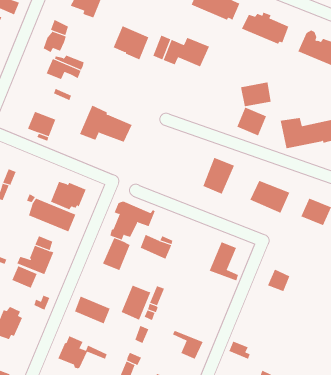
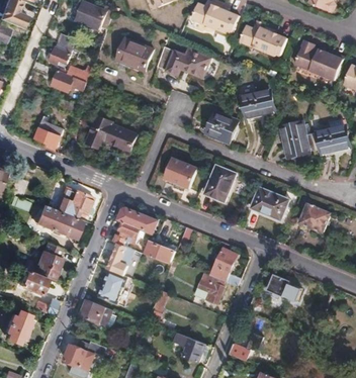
building: [236,107,267,136] -> [205,113,235,141]
building: none -> [165,159,196,188]
building: none -> [195,274,226,303]
building: [121,285,151,320] -> [98,270,127,304]

